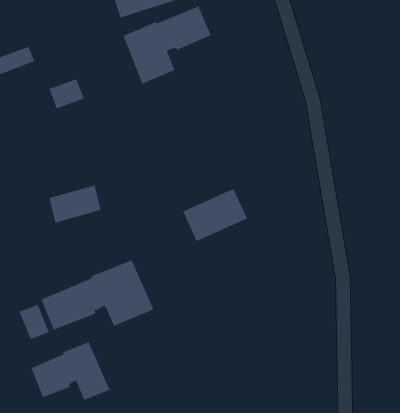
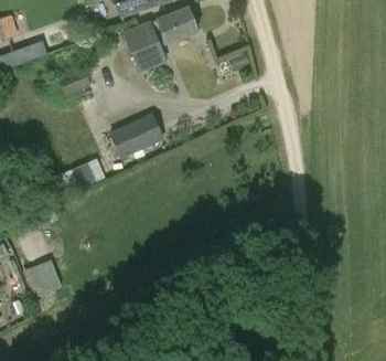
building: [182,188,248,242] -> [108,113,164,159]
building: [41,259,155,331] -> none
building: [30,341,110,401] -> none

